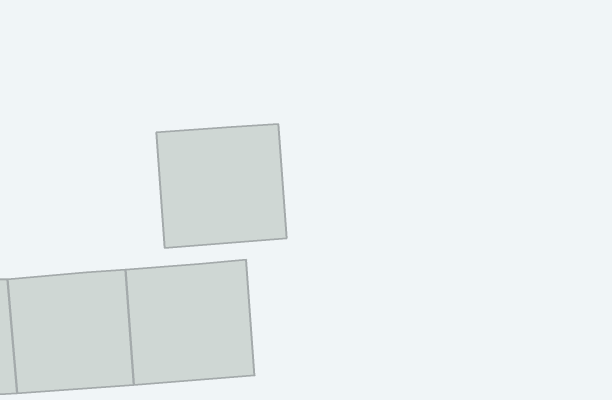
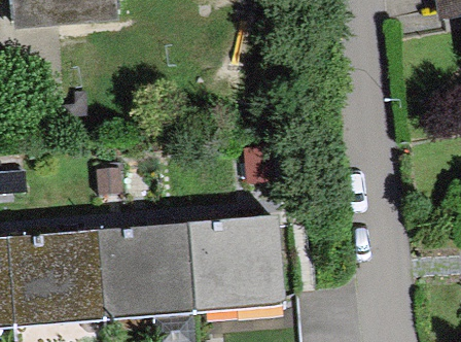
building: [156,124,287,248] -> [187,217,284,309]

